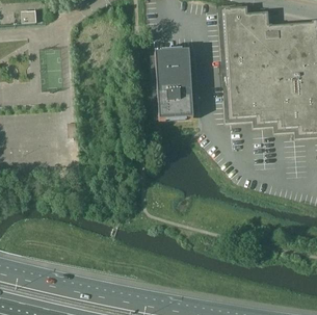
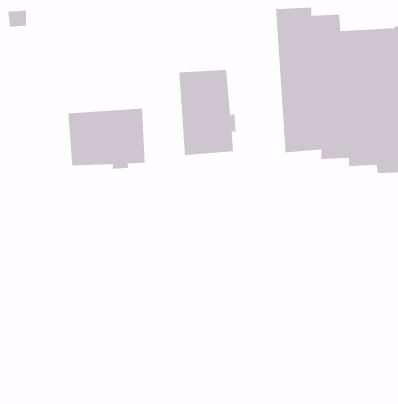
building: none -> [68,108,146,170]

